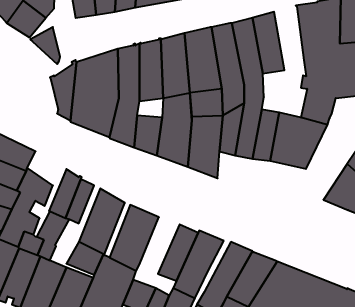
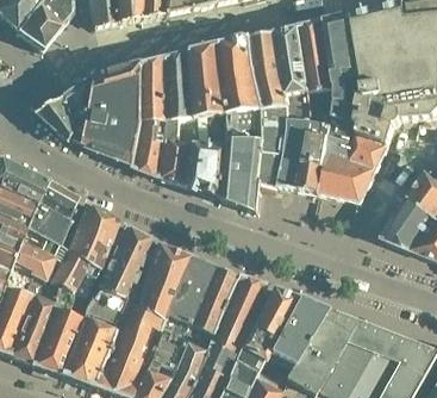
building: none -> [325,13,360,119]
building: [30,27,60,64] -> [40,98,75,141]
building: none -> [39,181,77,220]
building: none -> [169,257,216,323]

